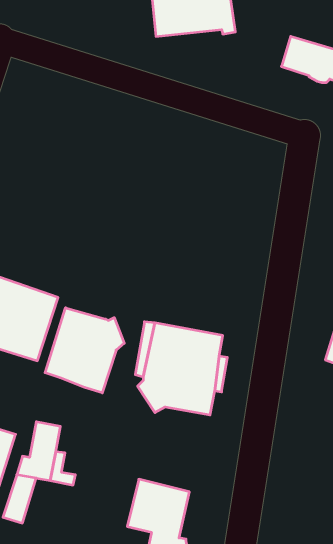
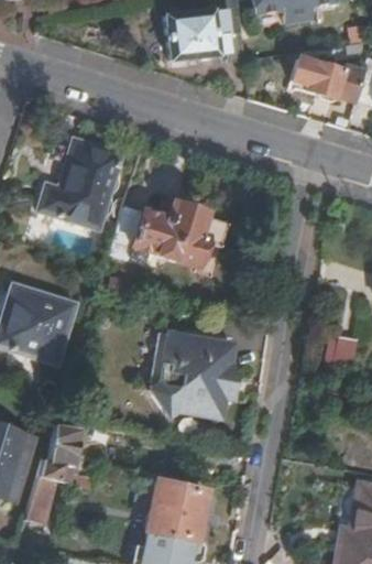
building: none -> [39,138,125,230]
building: none -> [113,204,206,267]
building: [45,308,124,393] -> none

